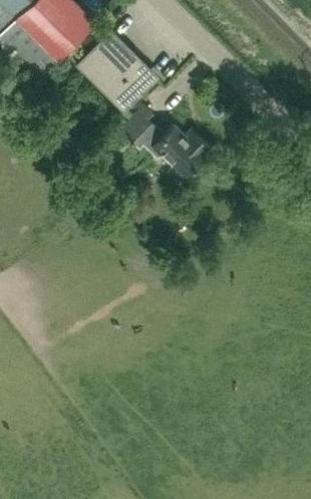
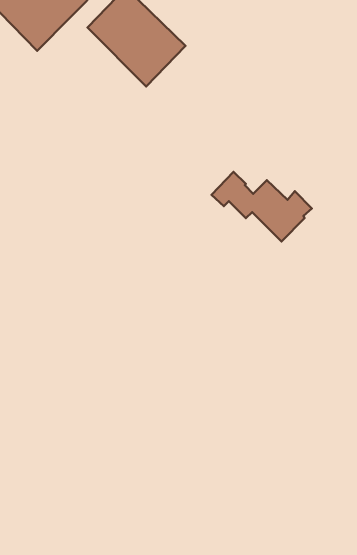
building: [128,115,211,173] -> [212,172,312,242]

